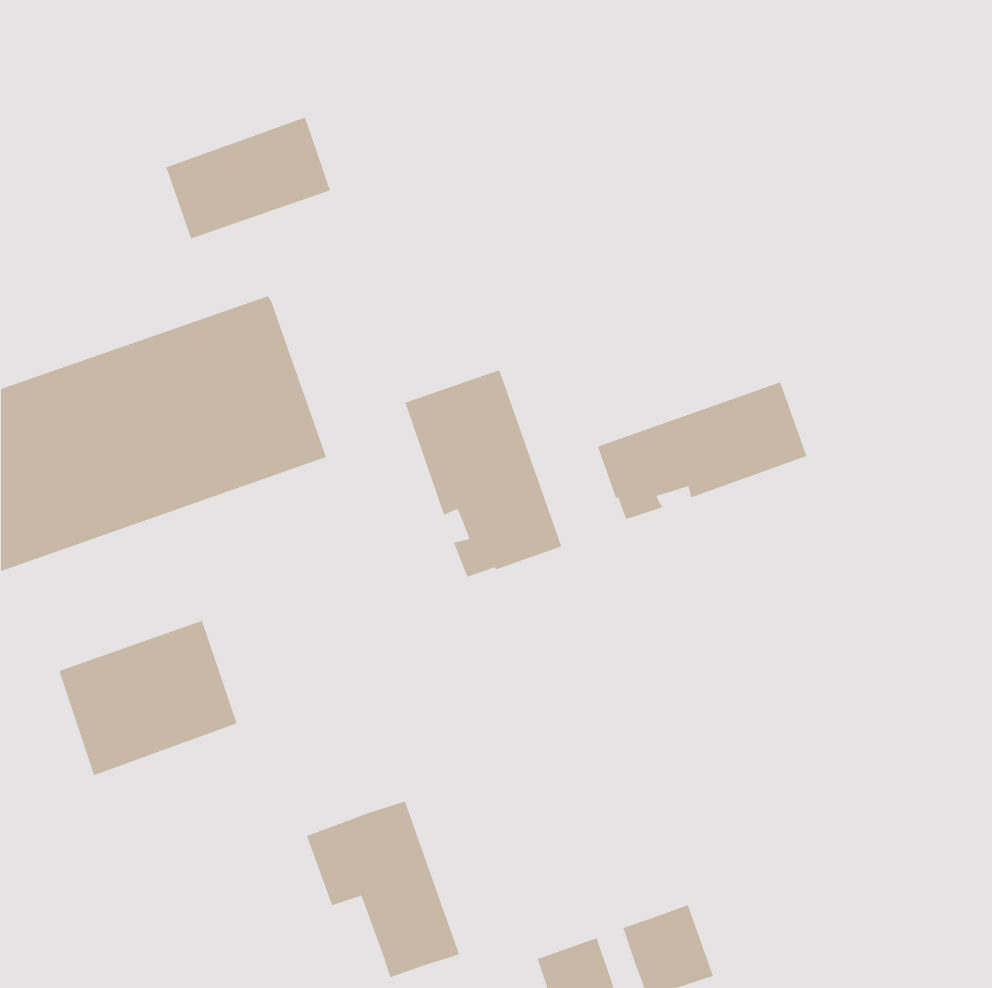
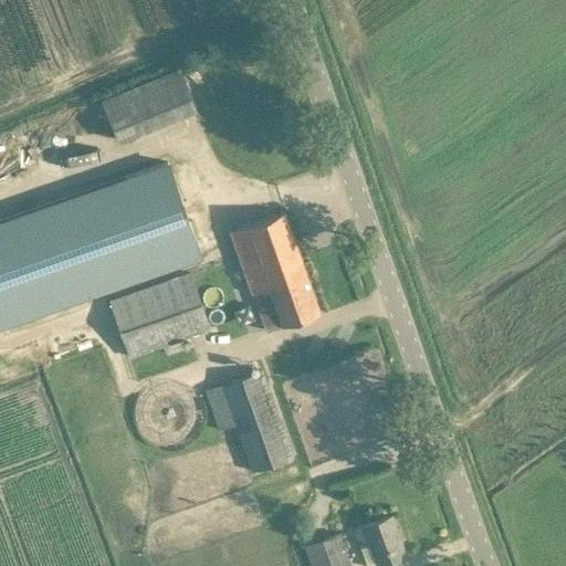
building: [597,382,807,520] -> none
building: [59,620,238,776] -> [109,273,211,361]
building: [306,801,460,978] -> [206,373,293,473]

